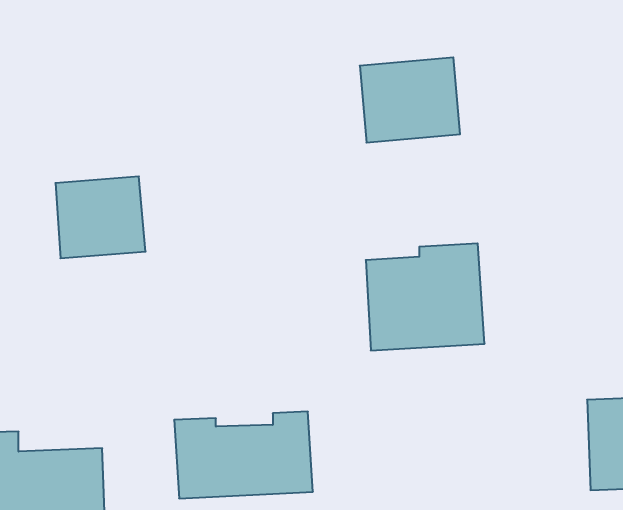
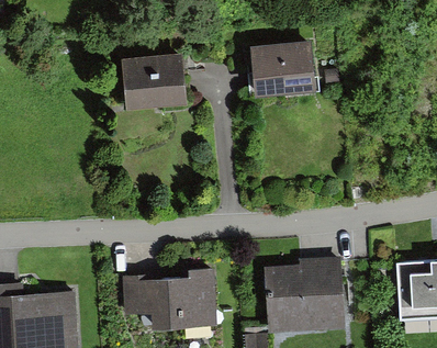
building: [55,176,146,258] -> [123,55,182,109]
building: [366,243,485,350] -> [265,259,343,329]

